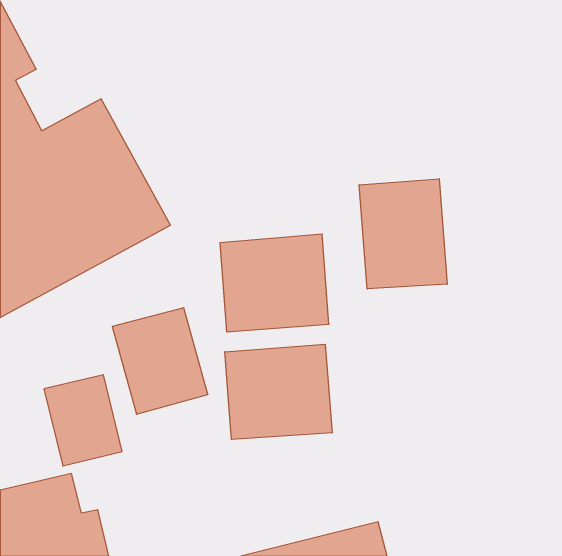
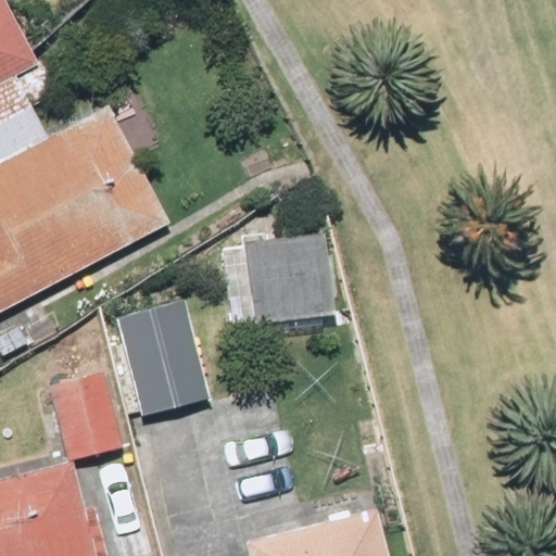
building: [359,179,447,289] -> none
building: [225,344,332,439] -> none

